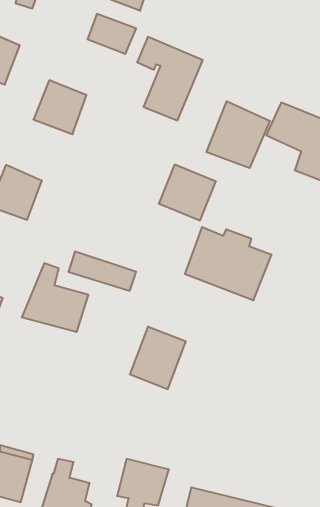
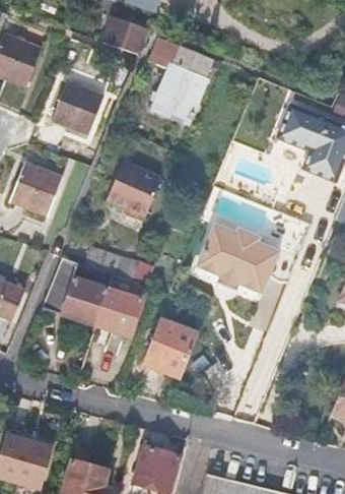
building: [206,101,270,168] -> none
building: [159,165,216,221] -> [108,166,162,220]
building: none -> [94,288,141,334]

